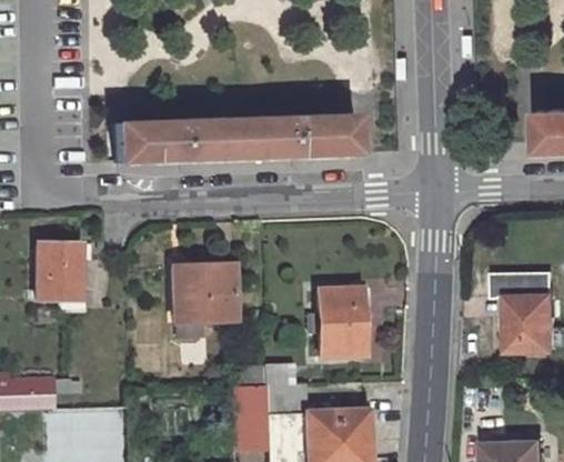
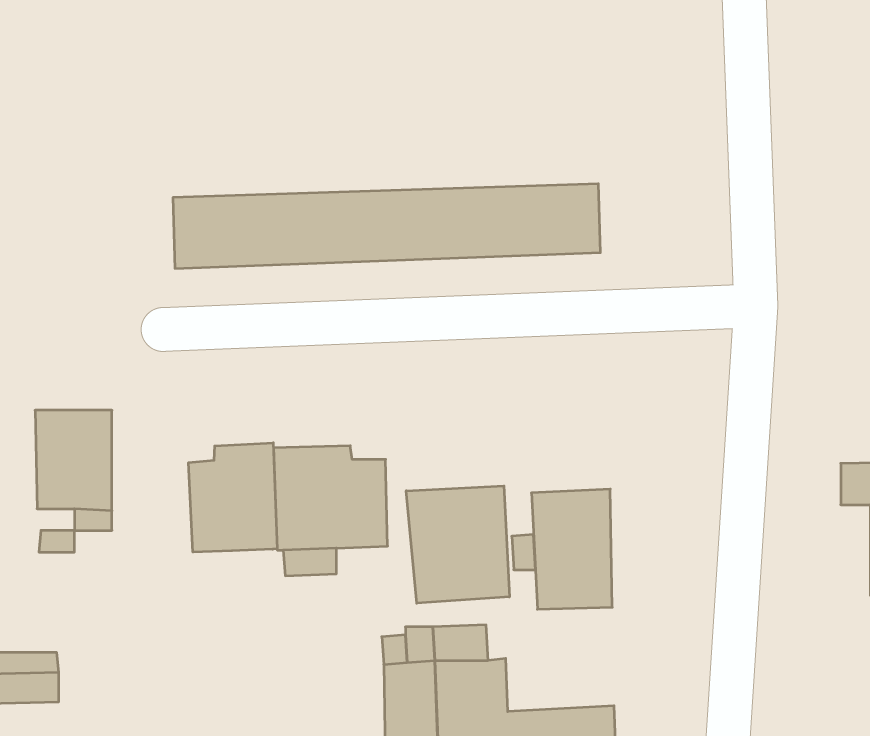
building: none -> [189,443,277,552]
building: none -> [406,486,509,603]

